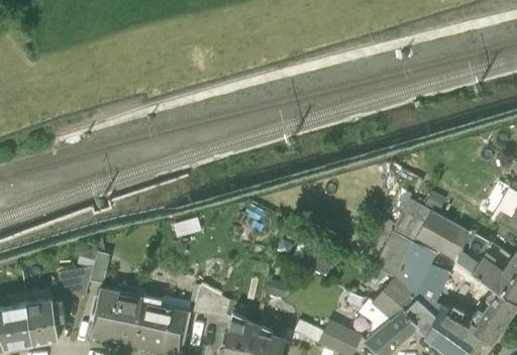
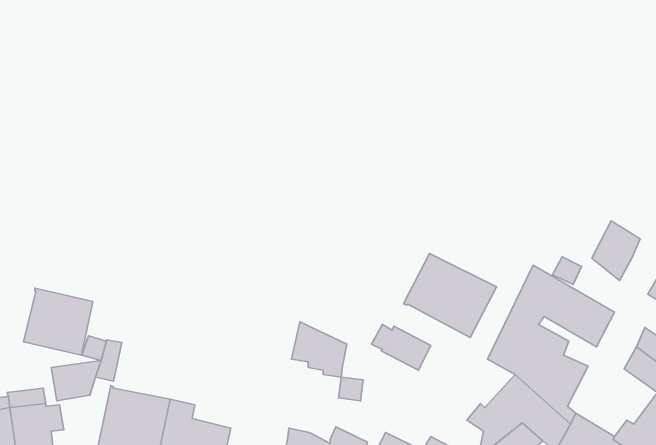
building: none -> [403,253,496,337]
building: none -> [24,288,93,355]
building: [455,231,491,274] -> [592,221,640,280]
building: [193,285,233,326] -> [292,322,347,377]

